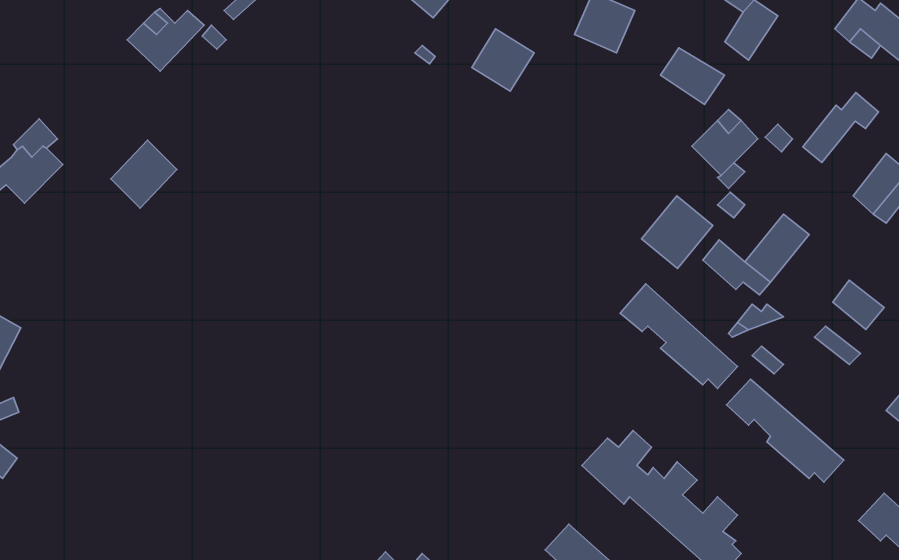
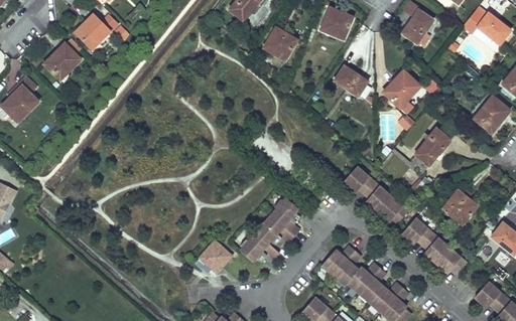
building: [660,48,725,105] -> [333,64,368,96]
building: [803,93,878,163] -> none
building: [111,140,177,208] -> [42,42,79,79]
building: [641,196,713,268] -> none
building: [833,280,884,330] -> [441,195,470,222]
building: none -> [241,198,301,263]
building: none -> [202,246,232,270]

